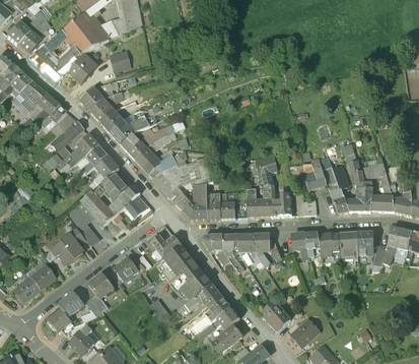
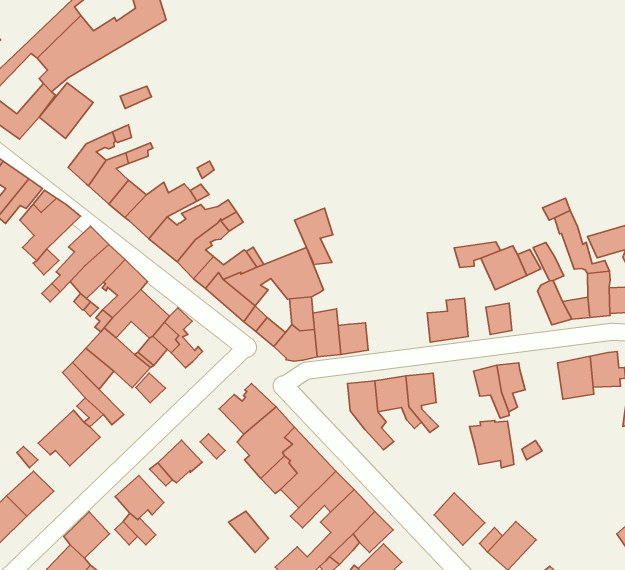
building: [257,156,277,186] -> [294,208,333,264]
building: [247,195,270,217] -> none
building: [318,233,340,259] -> [469,420,514,468]
building: [202,234,229,264] -> none

